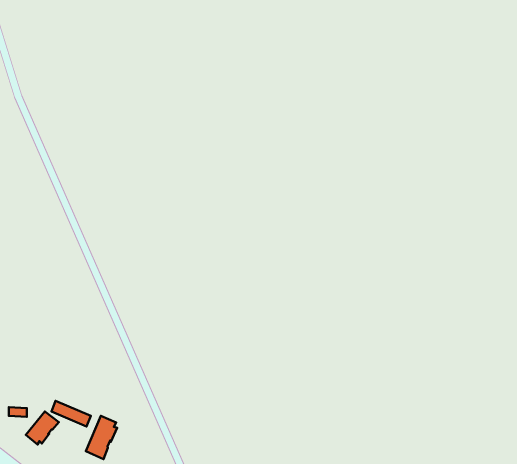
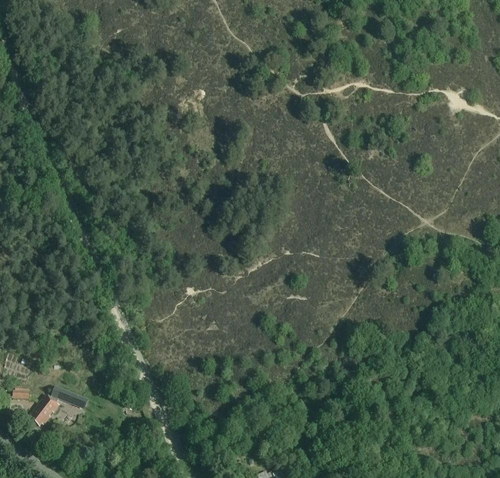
building: [86,416,117,459] -> none

